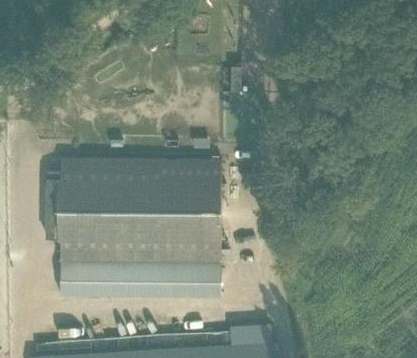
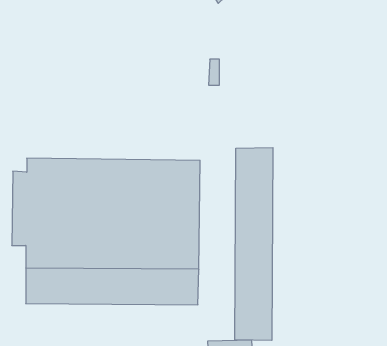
building: none -> [235,148,273,340]

